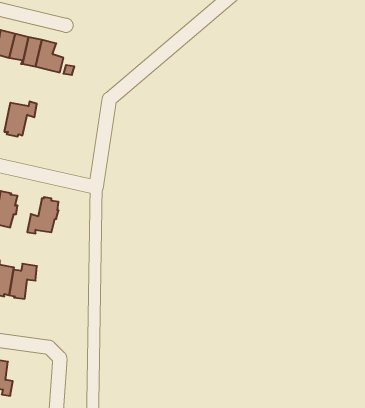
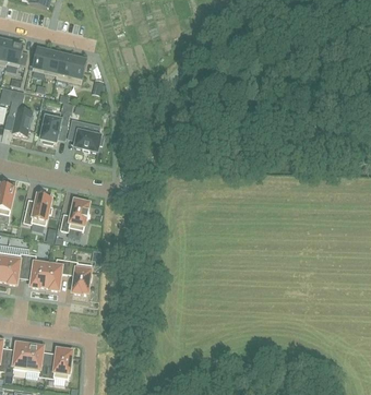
building: none -> [69,118,103,151]
building: none -> [68,259,91,291]
building: none -> [45,346,71,376]

